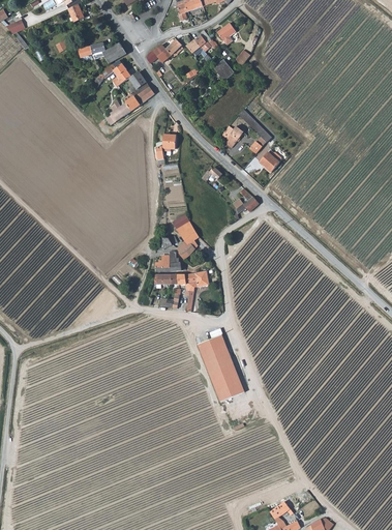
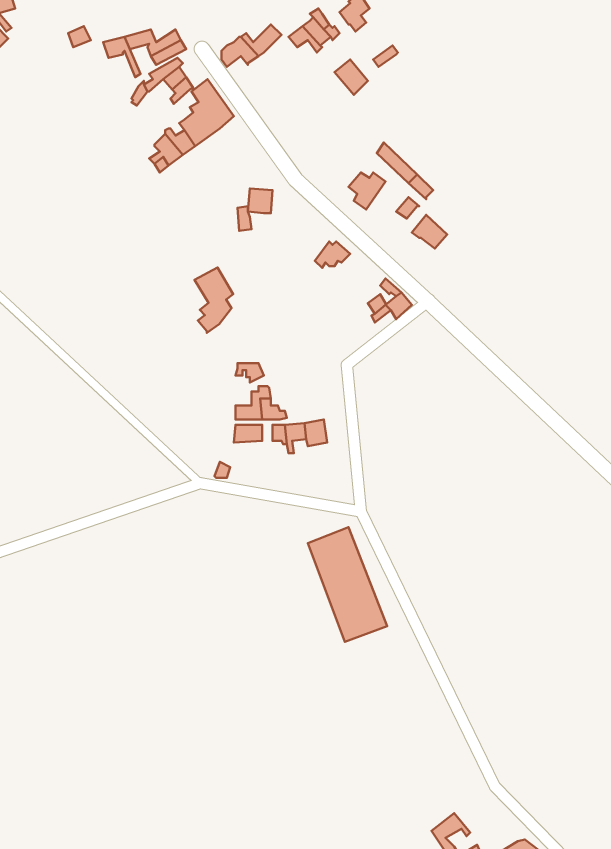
building: [175,222,198,260] -> [194,268,233,333]

